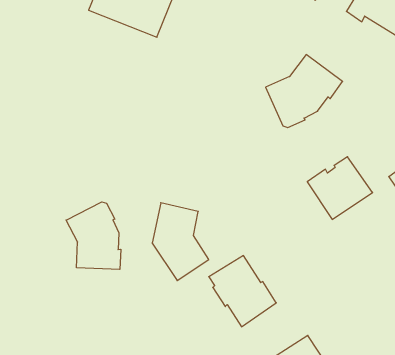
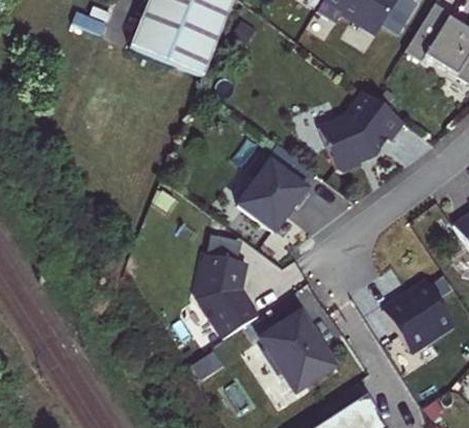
building: none -> [238,156,309,231]
building: [307,157,373,219] -> [384,282,454,349]
building: [66,202,121,269] -> none

